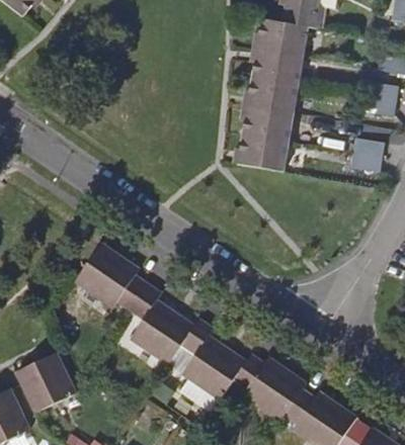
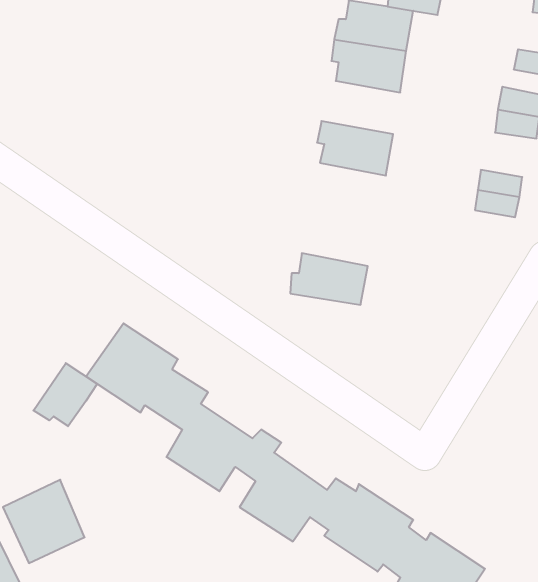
building: [241,74,297,111] -> none
building: [232,131,287,168] -> [290,253,368,305]
building: none -> [33,363,97,426]

